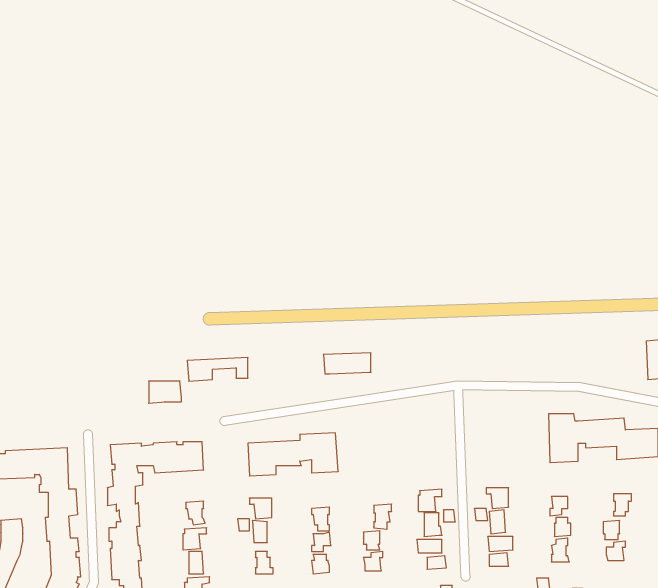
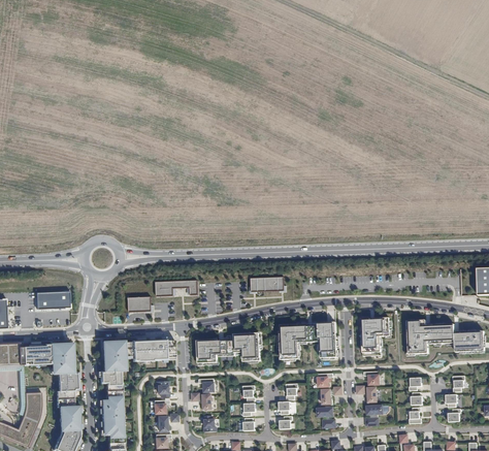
building: none -> [36,292,70,310]
building: none -> [361,317,390,356]
building: none -> [280,322,337,360]

